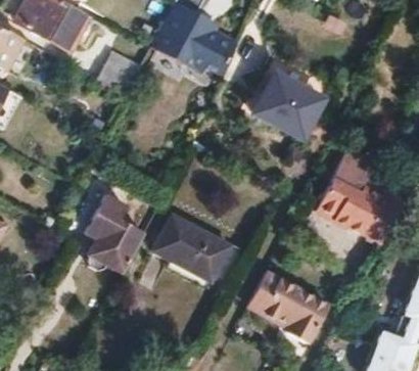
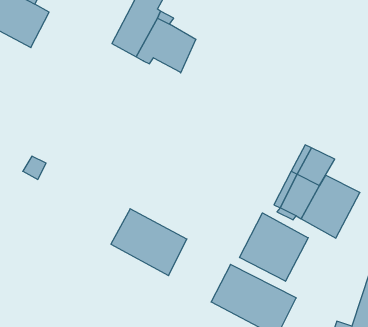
building: [248,50,327,136] -> none
building: [99,52,141,94] -> none
building: [85,192,145,272] -> none
building: none -> [240,213,308,281]

